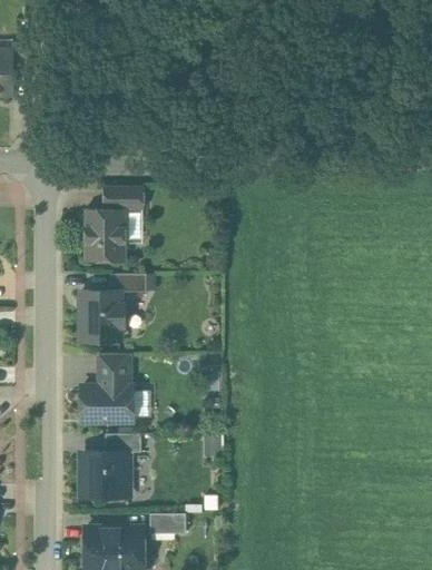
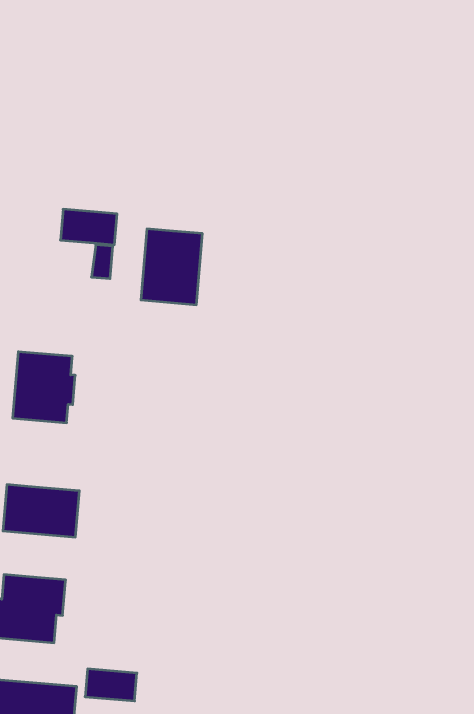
building: [85,209,125,261] -> [141,229,202,305]
building: [109,274,145,293] -> none
building: [98,354,129,387] -> none
building: [105,434,140,453] -> none

